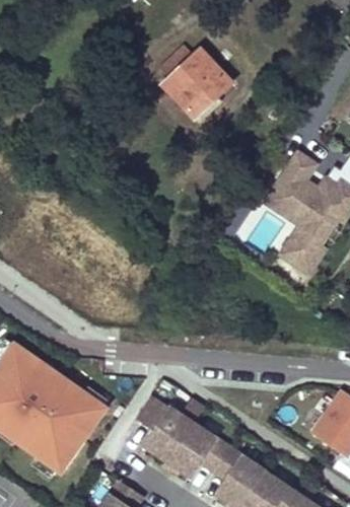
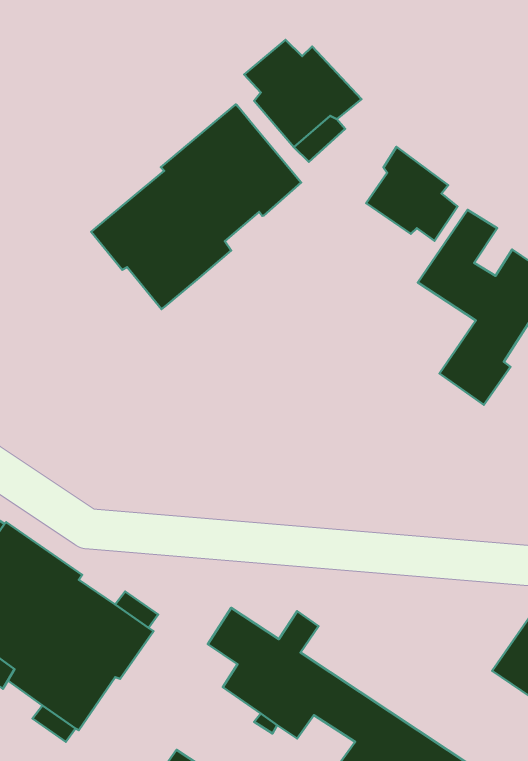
building: none -> [91,104,301,309]
building: none -> [366,147,458,241]

